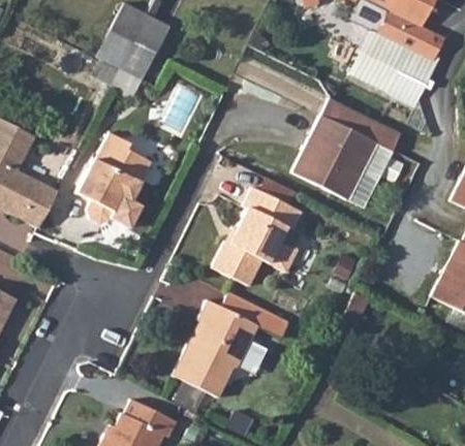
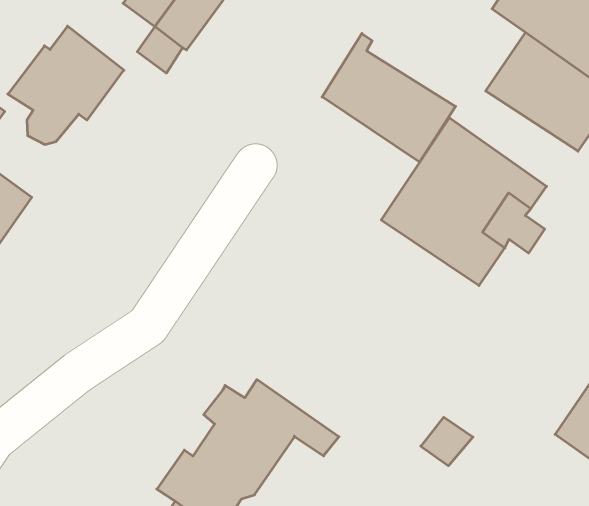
building: none -> [322,33,456,162]
building: [74,137,150,219] -> [8,26,124,144]
building: [208,187,299,287] -> none

